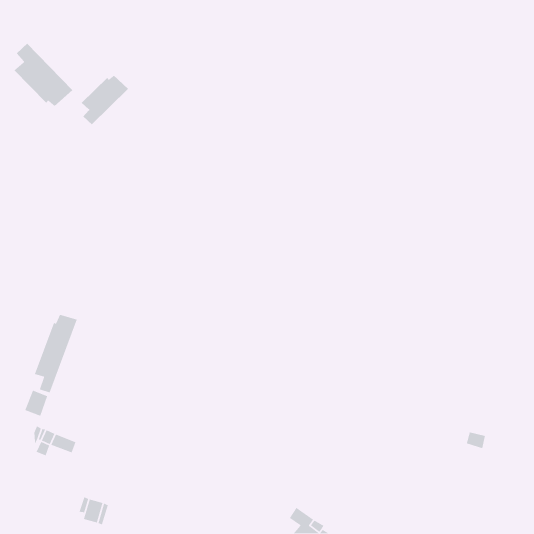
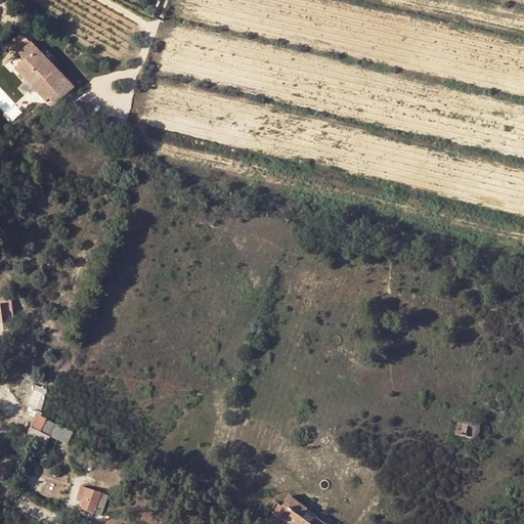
building: [81,75,129,125] -> none
building: [34,314,78,393] -> none

